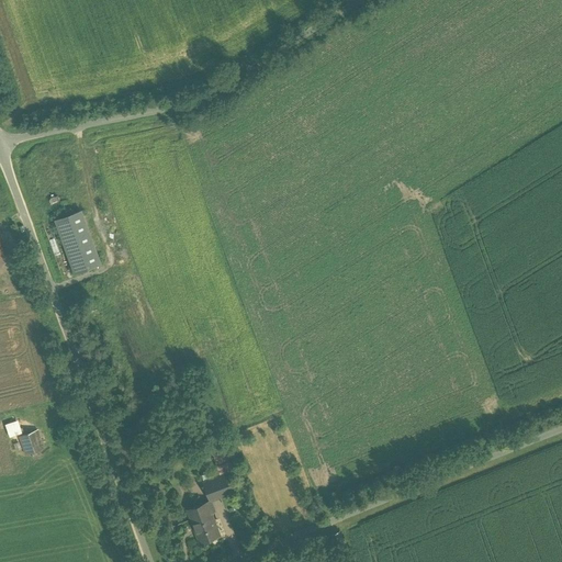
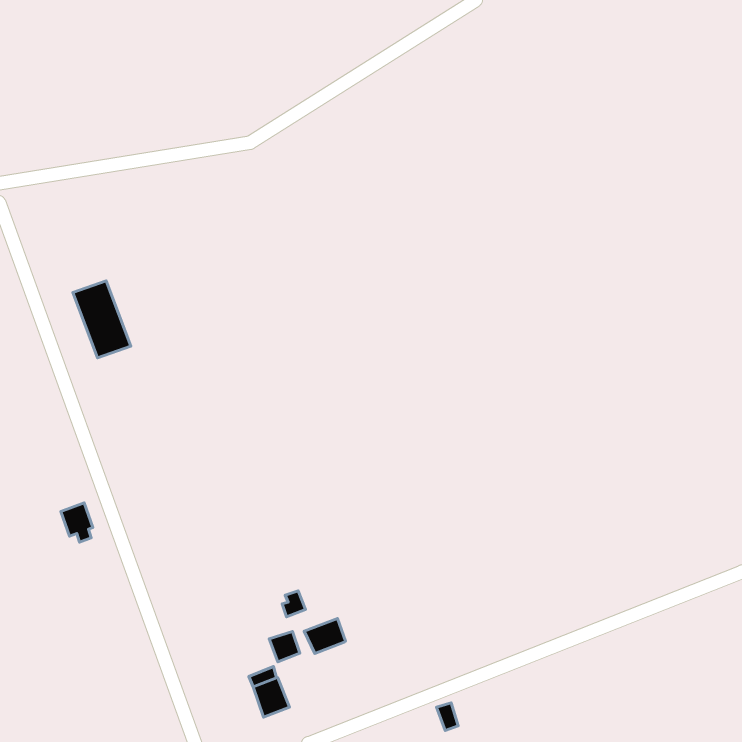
building: [19,430,43,460] -> [61,503,93,542]
building: none -> [304,618,346,653]

